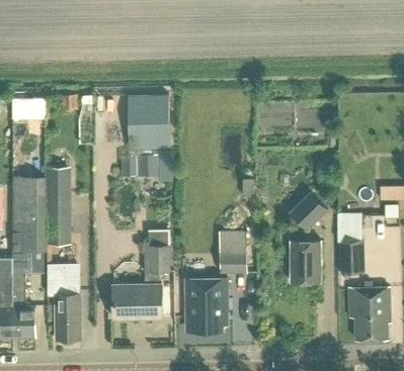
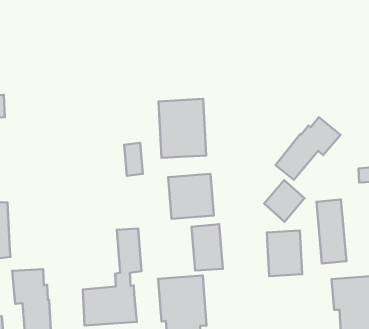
building: [130,93,172,147] -> [158,99,206,158]
building: none -> [276,117,341,180]
building: [122,152,158,175] -> none
building: [46,167,70,245] -> none
building: none -> [168,174,214,219]

